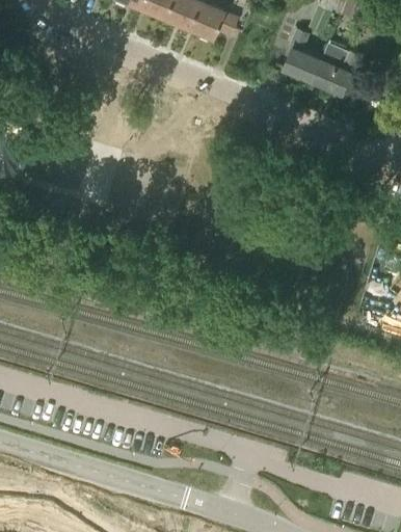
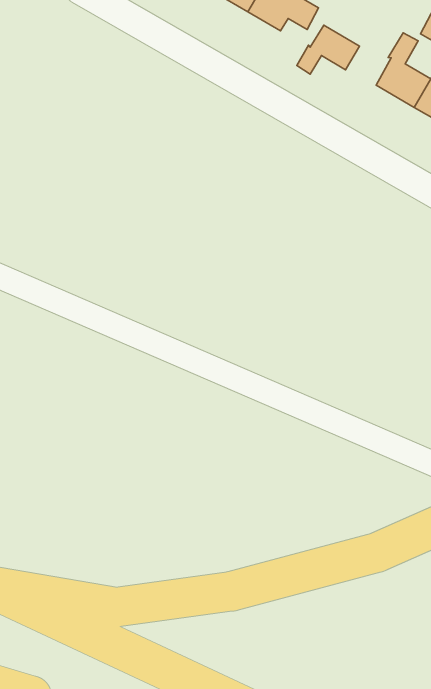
building: none -> [297,25,359,74]

